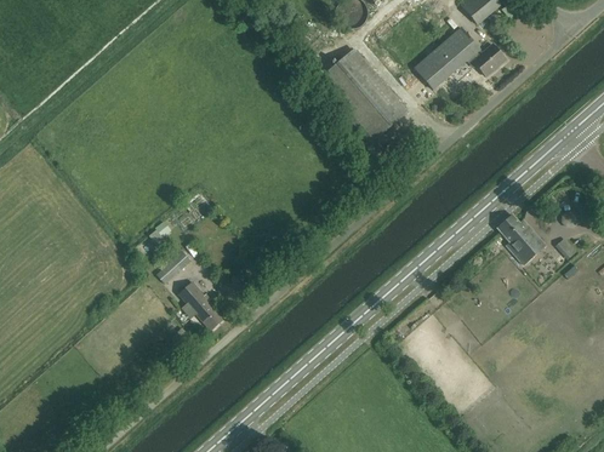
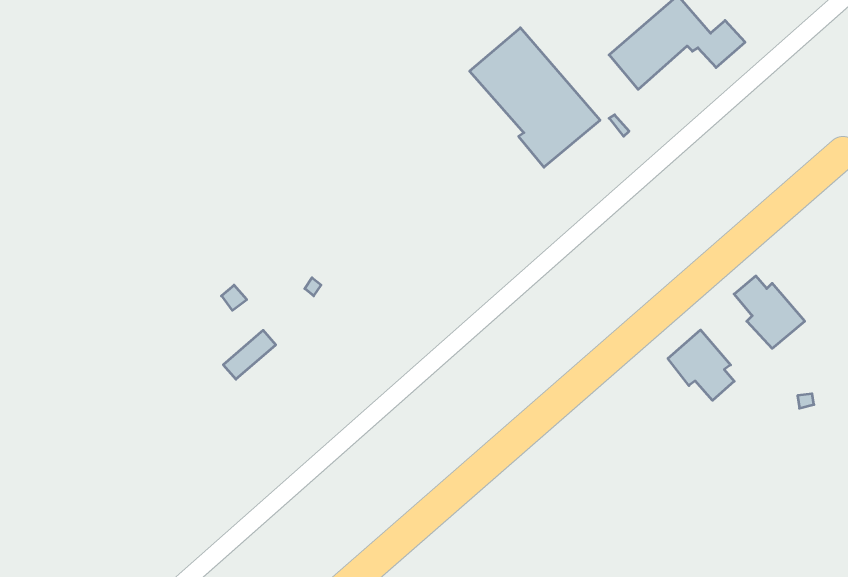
building: none -> [668,330,734,400]
building: [177,282,223,331] -> none

